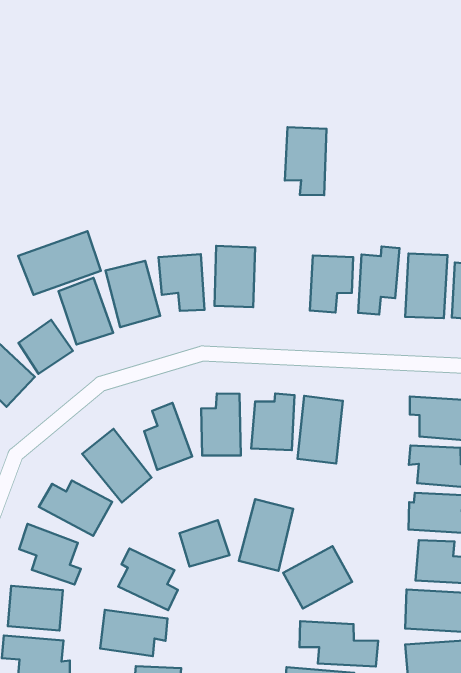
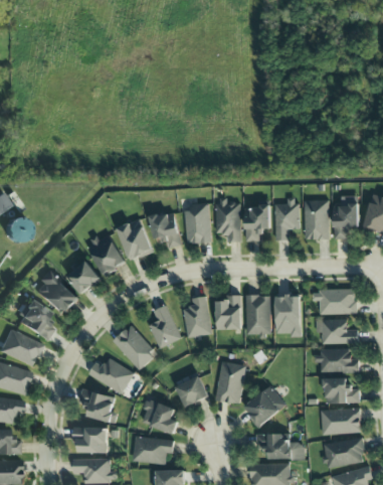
building: [285,127,326,195] -> [216,200,242,242]
building: [18,231,101,295] -> none
building: none -> [275,296,302,337]

